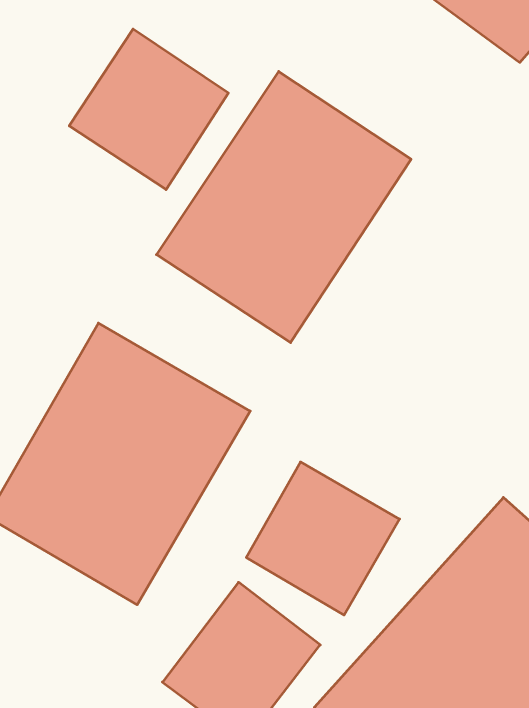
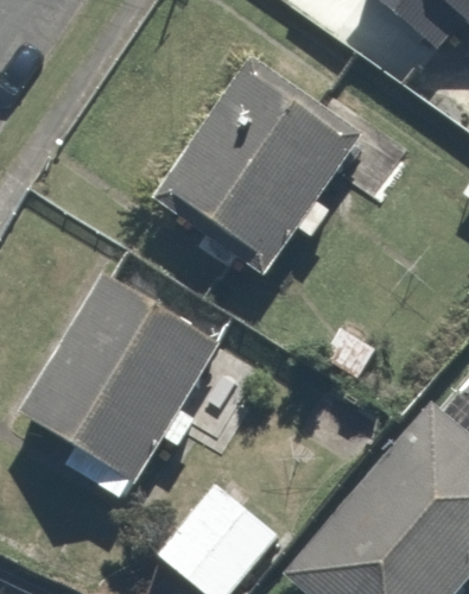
building: [69,29,228,190] -> none
building: [246,462,400,615] -> none

